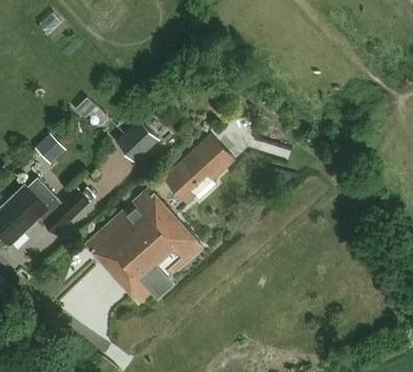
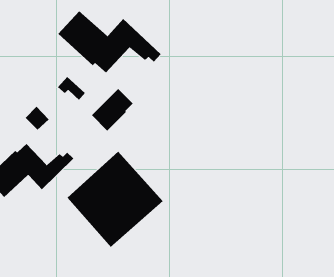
building: none -> [57,10,162,74]
building: [163,134,234,204] -> none

